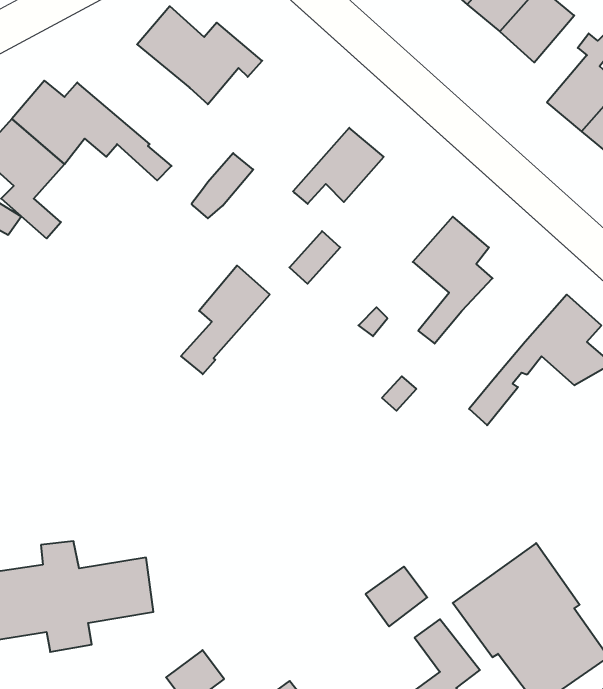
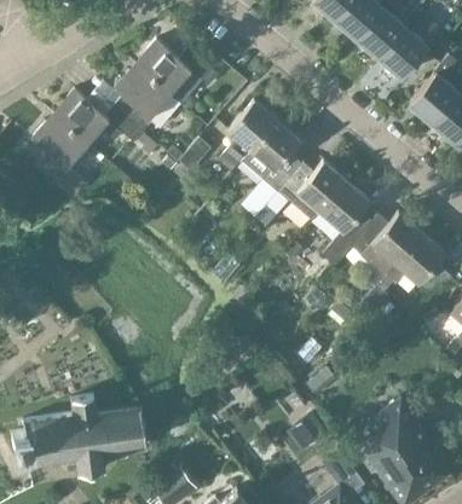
building: none -> [96,66,183,133]
building: none -> [277,162,346,222]
building: [181,266,270,374] -> [218,103,277,175]
building: none -> [352,214,422,288]

